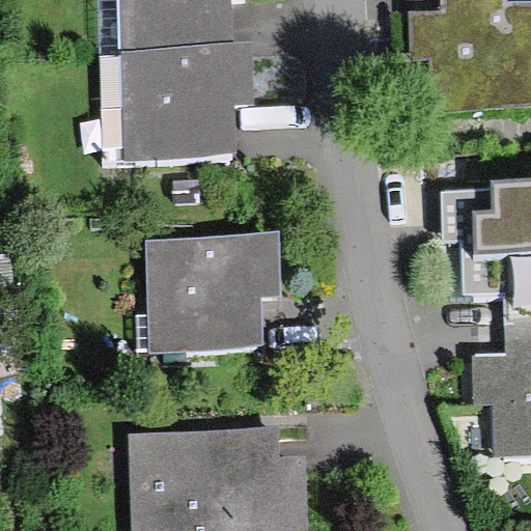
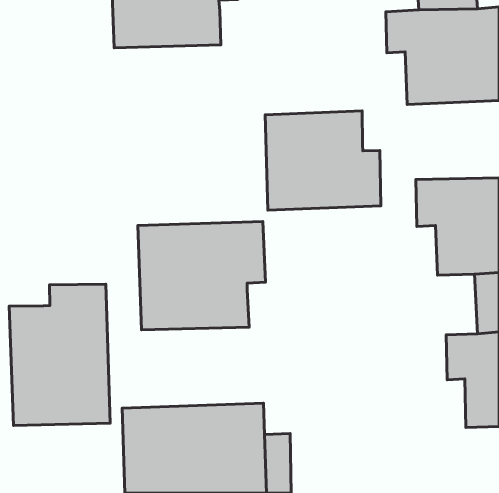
building: [121,47,254,160] -> none
building: none -> [265,111,381,210]
building: none -> [9,284,110,426]

